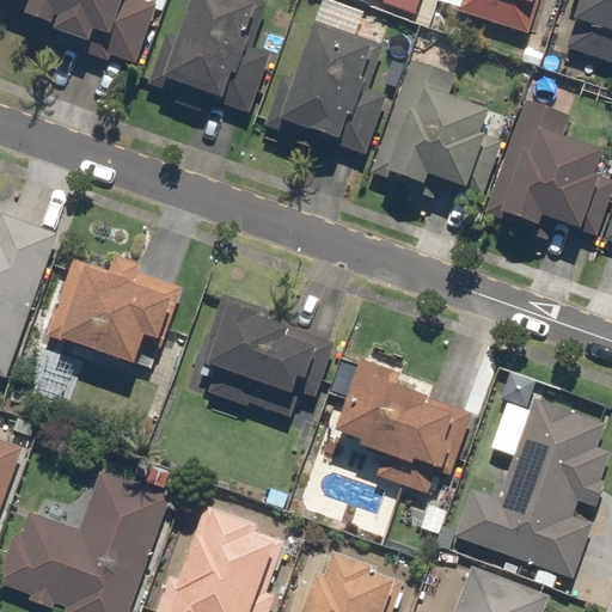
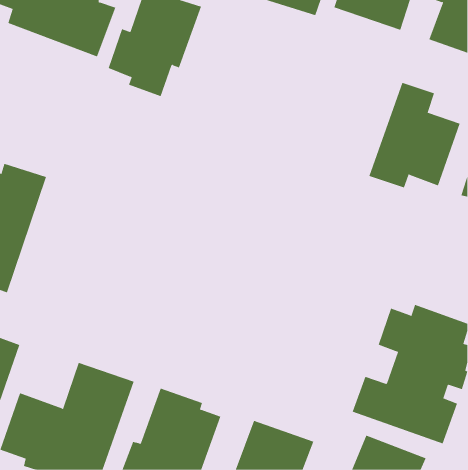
building: [255,25,377,163] -> none
building: [362,63,484,200] -> none
building: [50,253,186,365] -> none
building: [197,294,339,426] -> none
building: [330,356,478,494] -> none

